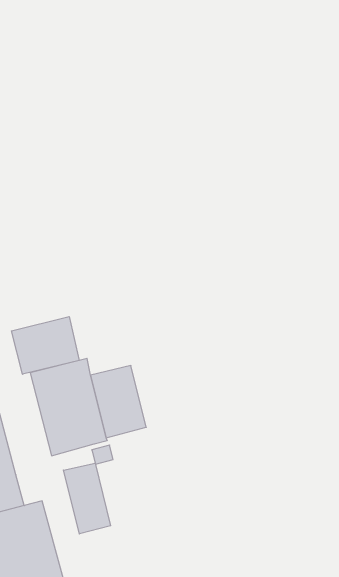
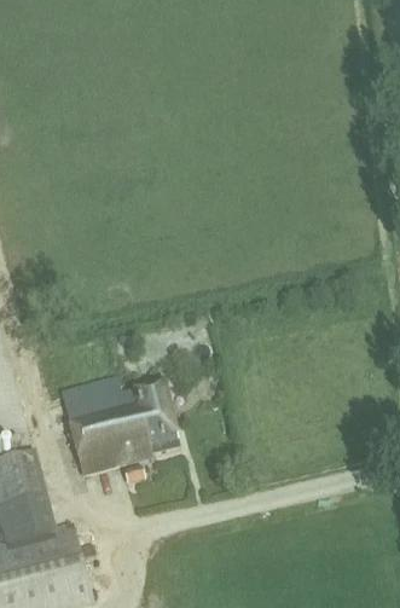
building: [11,317,79,374] -> none
building: [63,463,111,534] -> none

